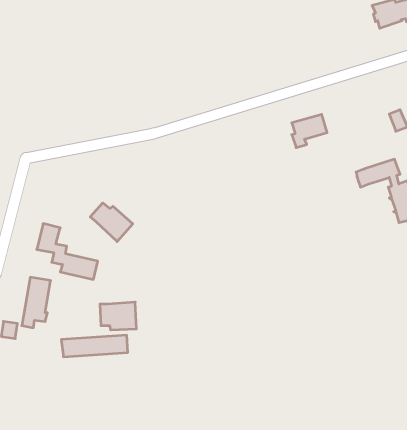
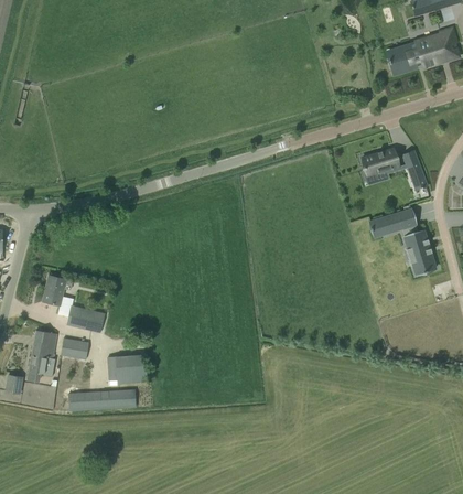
building: [292,114,327,148] -> [362,148,398,182]
building: [90,203,133,242] -> none
building: none -> [61,339,88,359]

